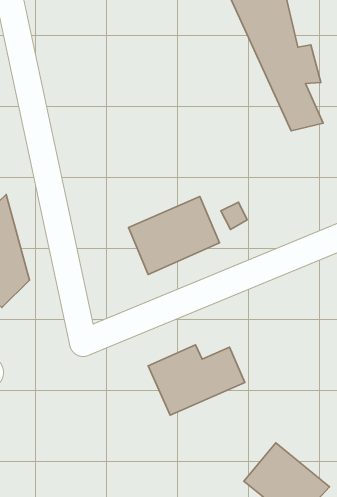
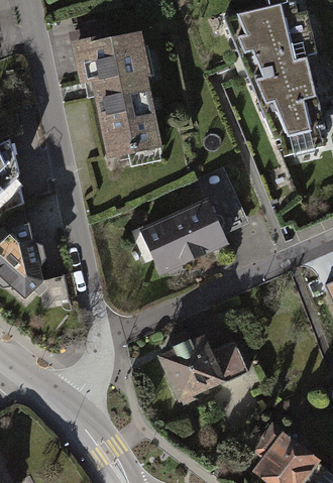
building: none -> [79,33,165,162]

